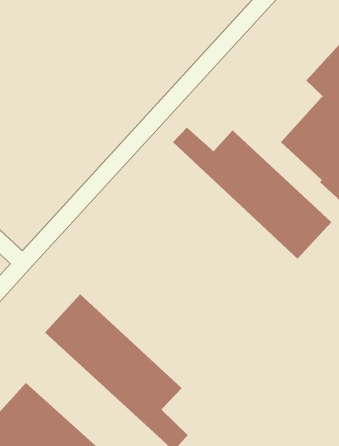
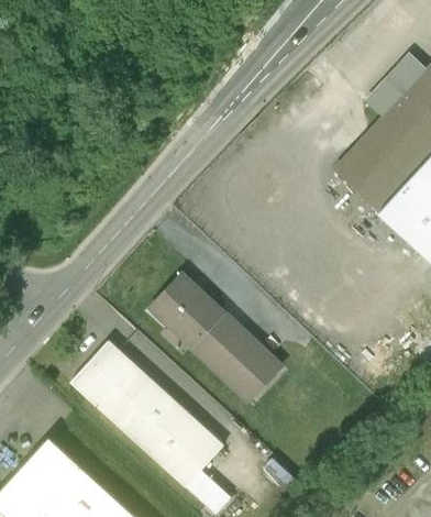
building: [172,127,332,260] -> none
building: none -> [146,273,285,406]

